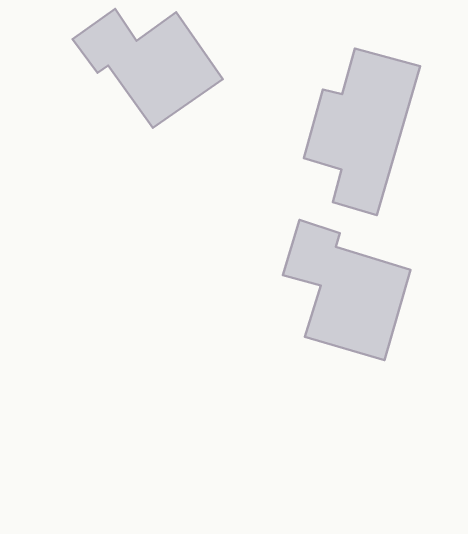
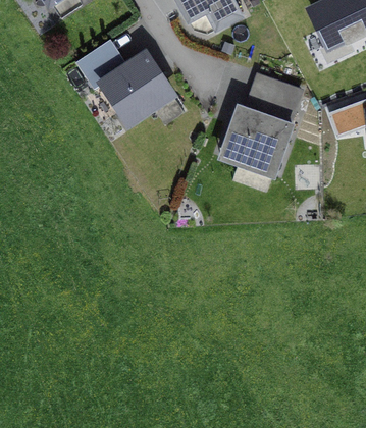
building: [283,220,411,360] -> none

